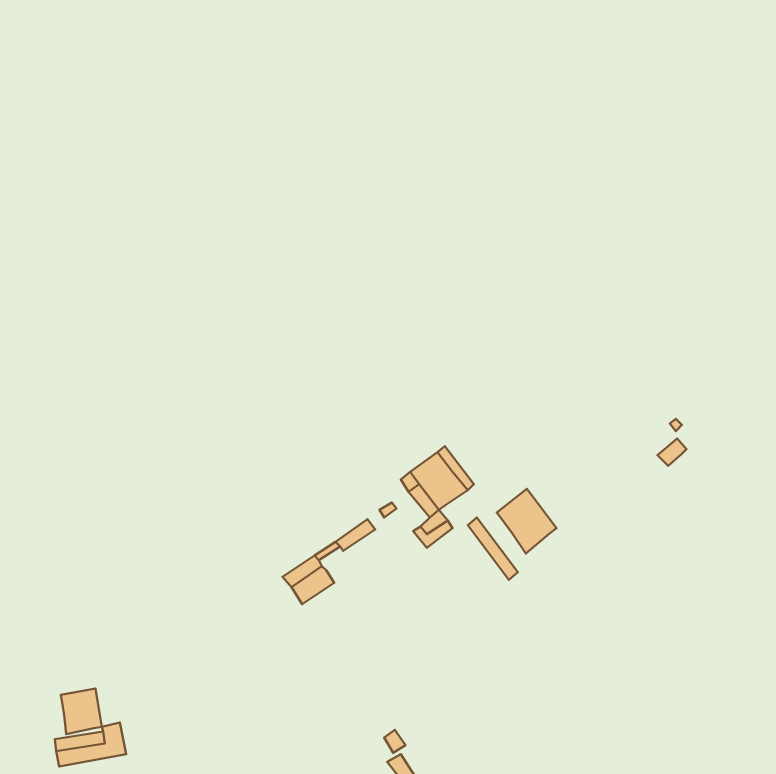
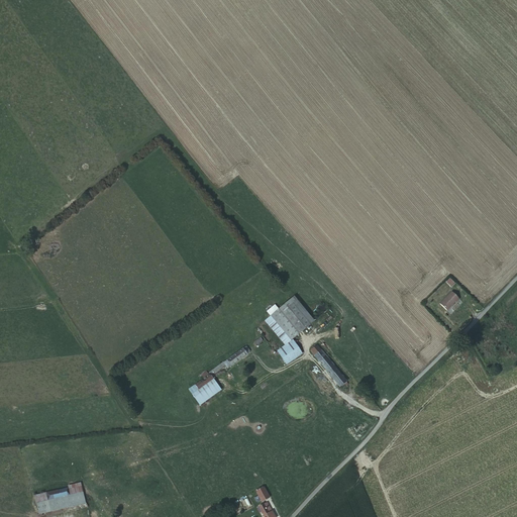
building: [497,489,556,553] -> none
building: [61,689,102,734] -> none

